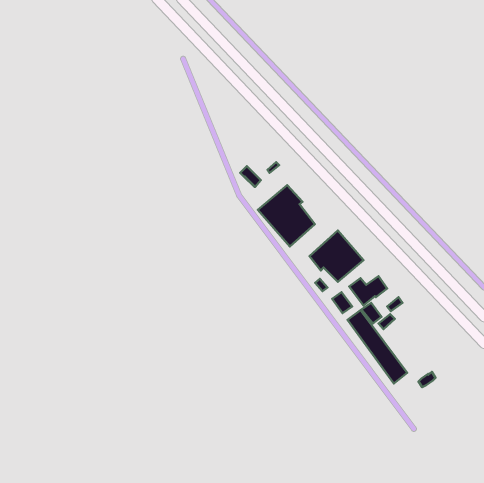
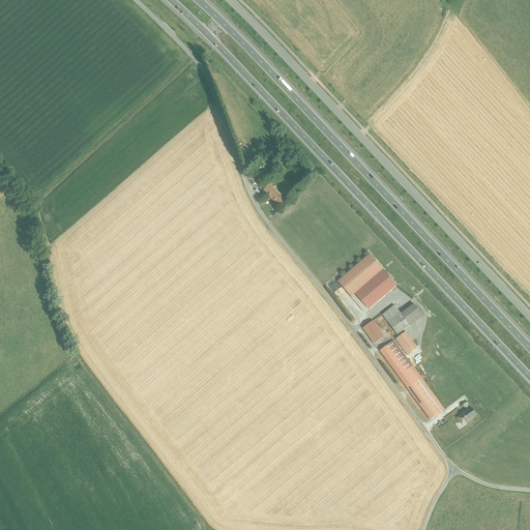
building: [258,185,315,246] -> none

